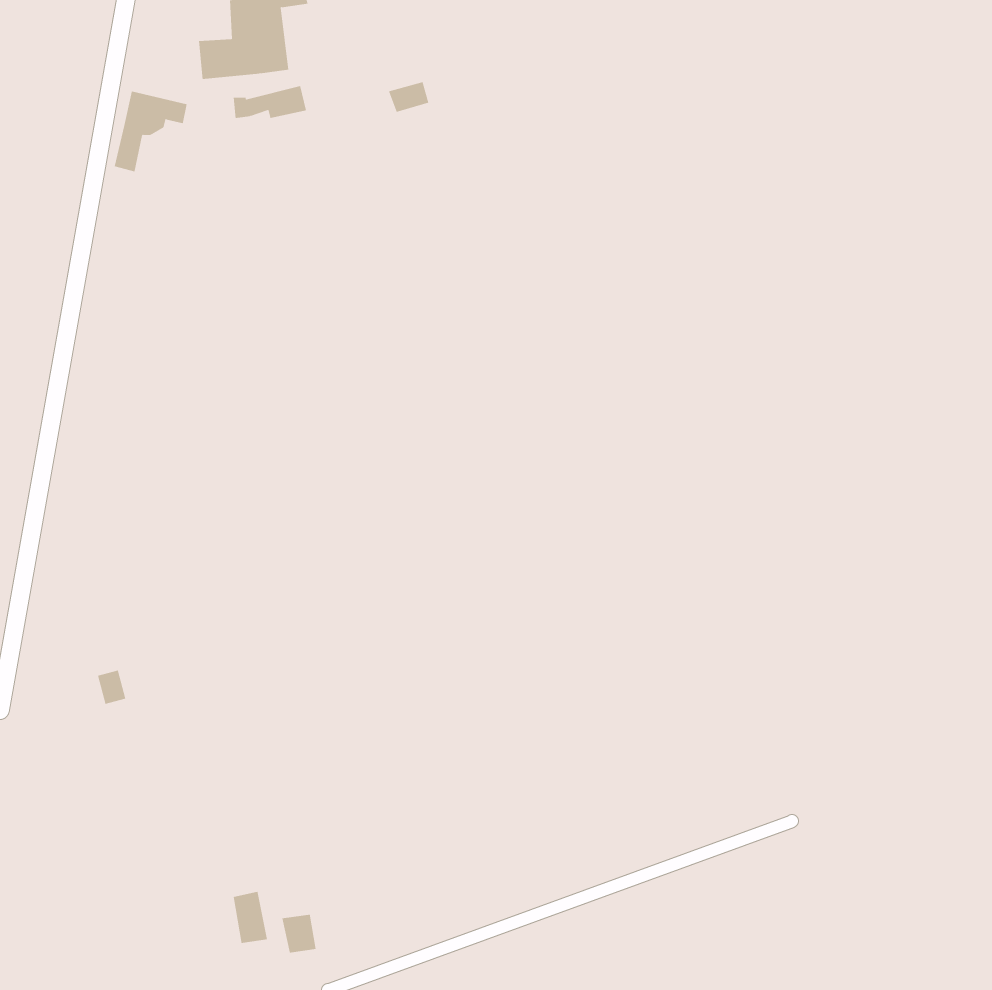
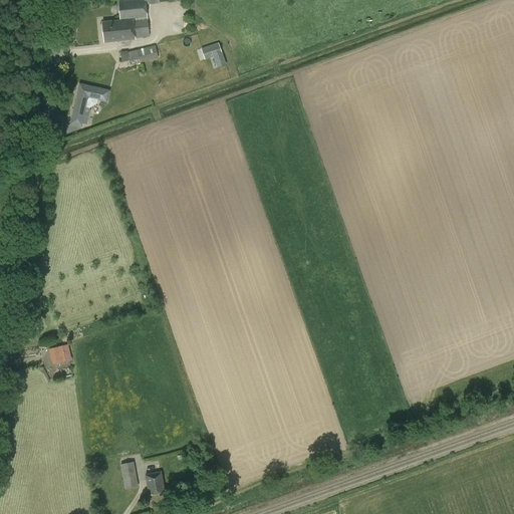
building: [114,91,187,172] -> [70,83,108,125]

